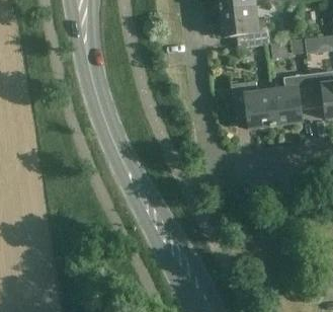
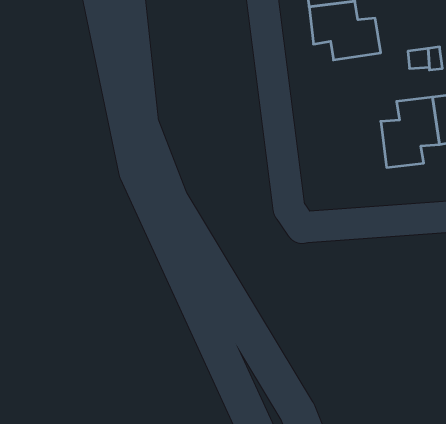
building: [233,81,277,127] -> none

